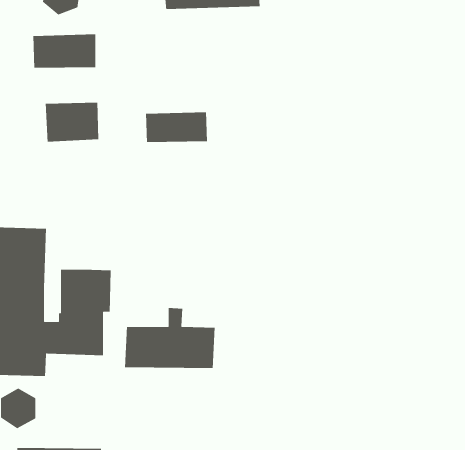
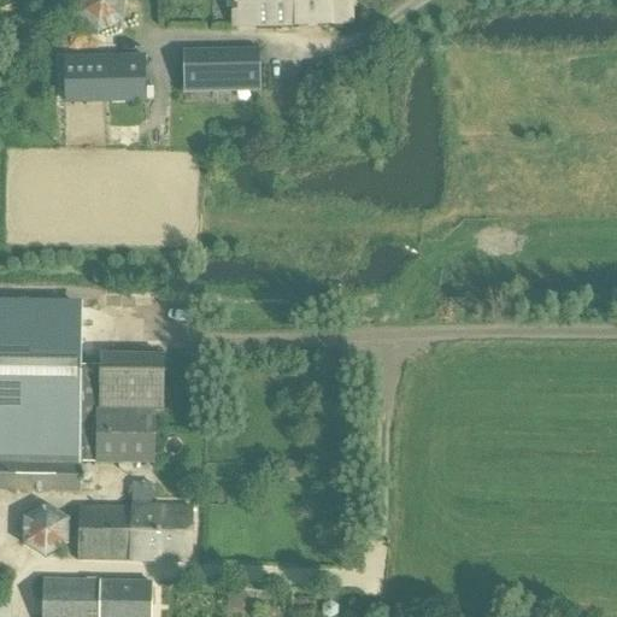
building: [45,102,99,142] -> none
building: [145,111,208,143] -> [181,46,260,86]
building: [124,307,215,369] -> [76,480,192,558]

